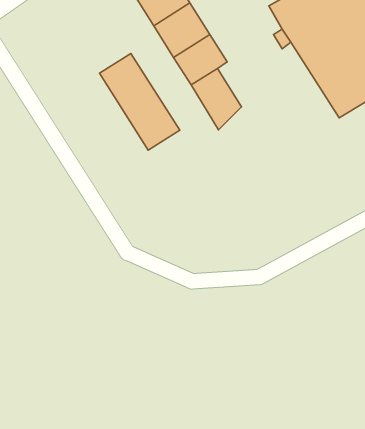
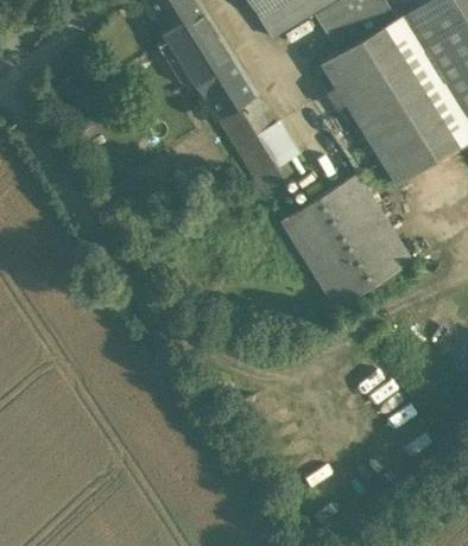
building: [99,53,180,150] -> none
building: none -> [282,173,412,309]

